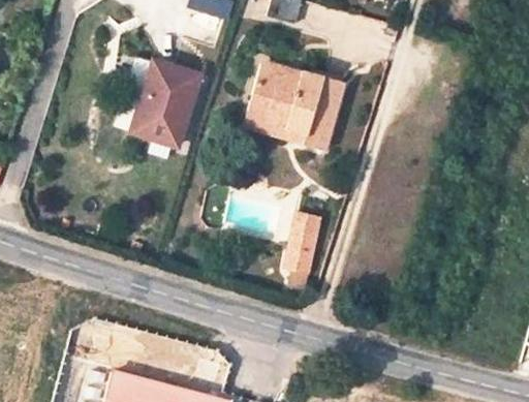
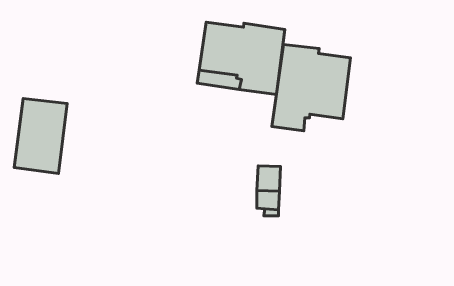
building: [132,62,198,147] -> [14,99,67,173]
building: none -> [272,45,350,131]

